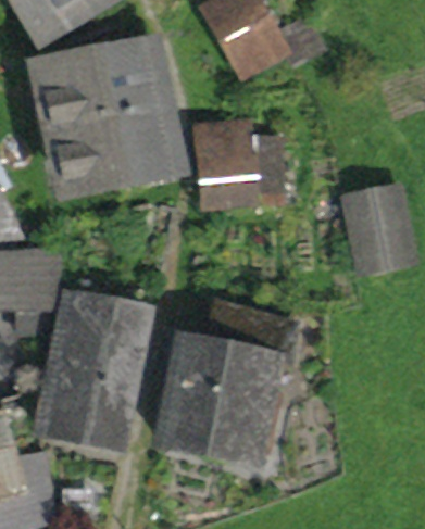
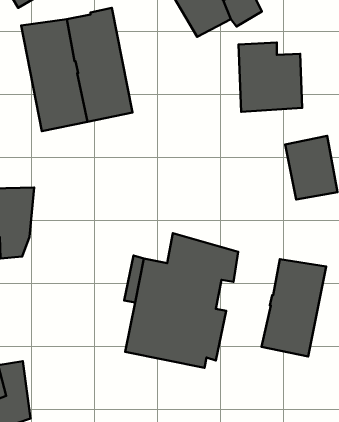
building: [205,128,279,209] -> [238,43,302,112]
building: [40,294,147,446] -> none
building: none -> [262,259,326,356]

